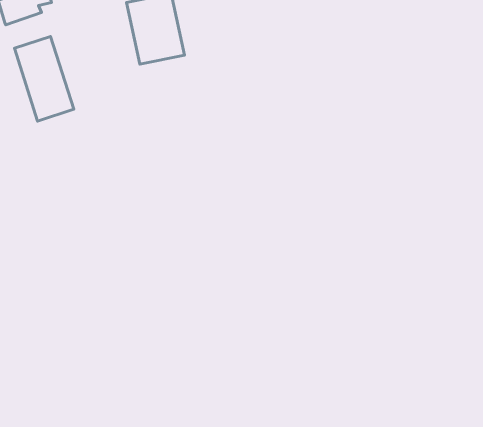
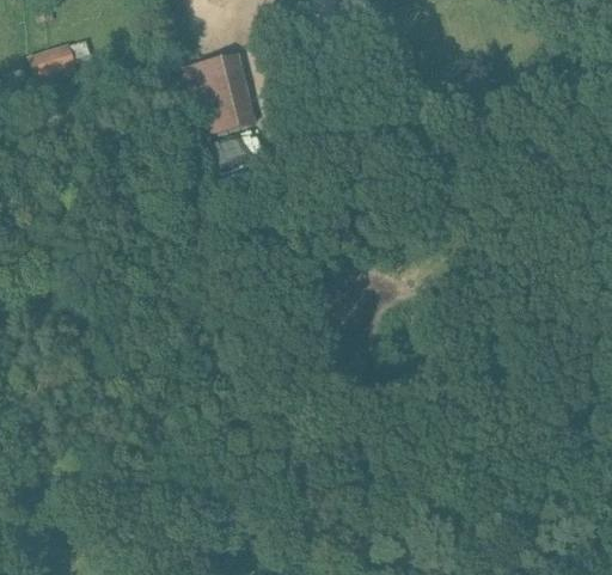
building: [15,36,74,121] -> none

